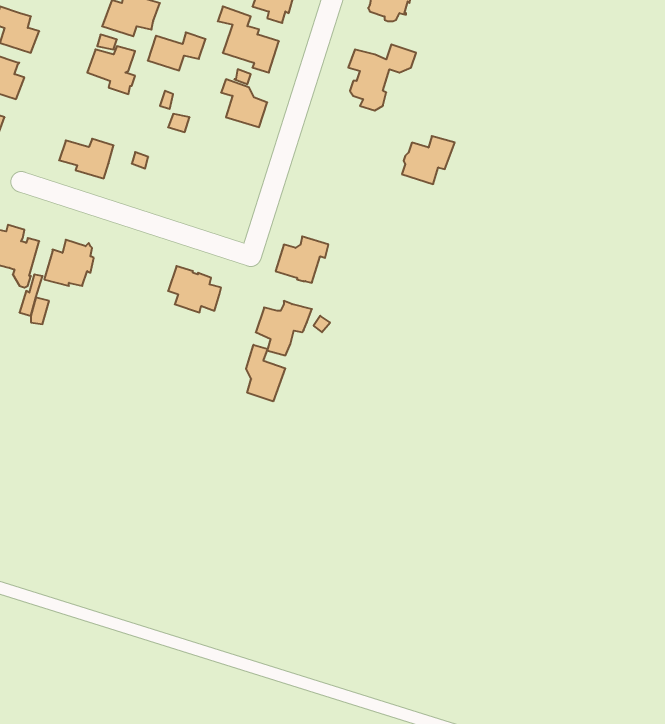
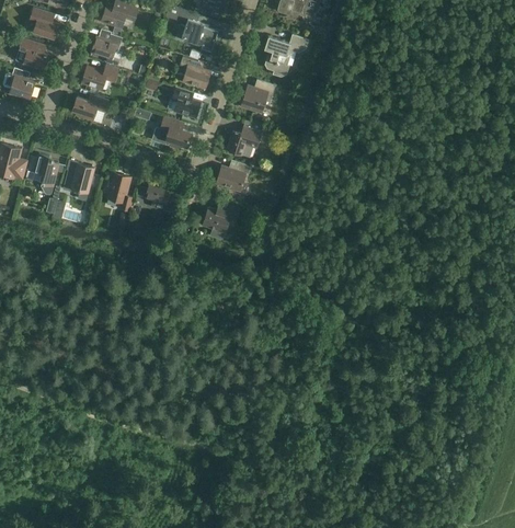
building: [148,32,206,71] -> [81,65,119,90]
building: none -> [171,87,201,118]
building: [402,136,455,184] -> [241,81,276,113]
building: none -> [152,116,191,149]
building: none -> [227,120,264,157]
building: none -> [105,173,133,211]
building: [246,345,285,401] -> none

